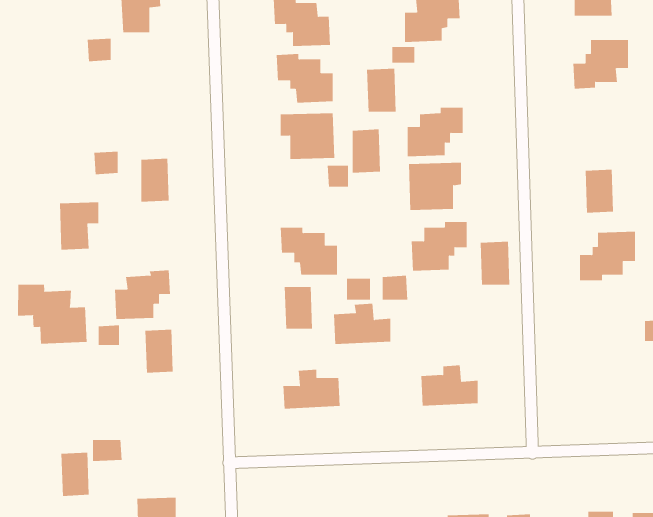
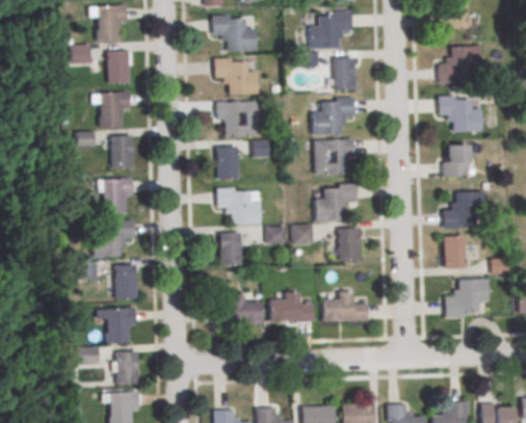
building: none -> [108,51,130,84]
building: [366,68,397,112] -> [334,57,357,90]
building: none -> [100,91,130,128]
building: none -> [438,96,481,132]
building: [352,129,381,173] -> [217,147,239,180]
building: [59,202,99,250] -> [103,179,133,215]
building: [480,241,510,285] -> [339,228,362,261]
building: [18,284,87,345] -> none
building: none -> [445,235,466,267]
building: [333,303,391,344] -> [270,292,314,323]
building: none -> [446,280,489,317]
building: none -> [106,308,137,344]
building: [61,452,90,496] -> [116,351,138,385]

